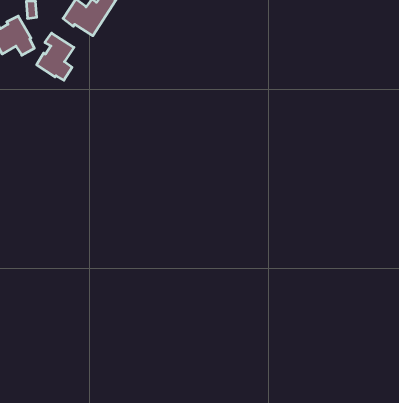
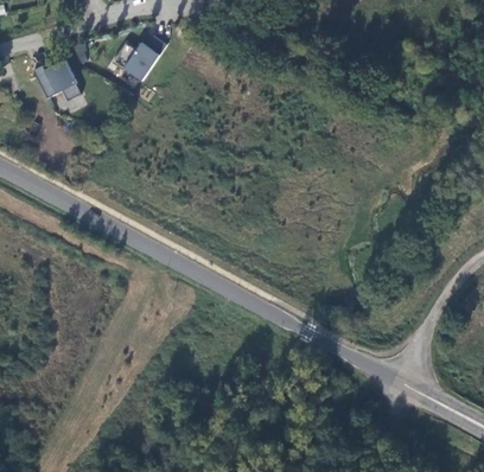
building: [37,33,74,80] -> none

